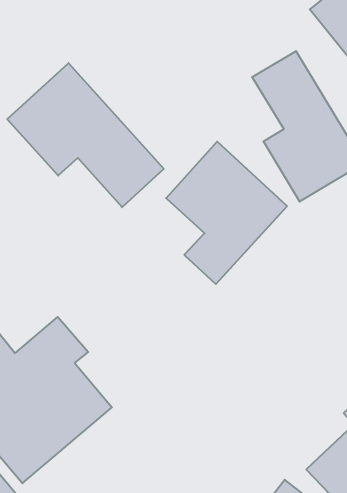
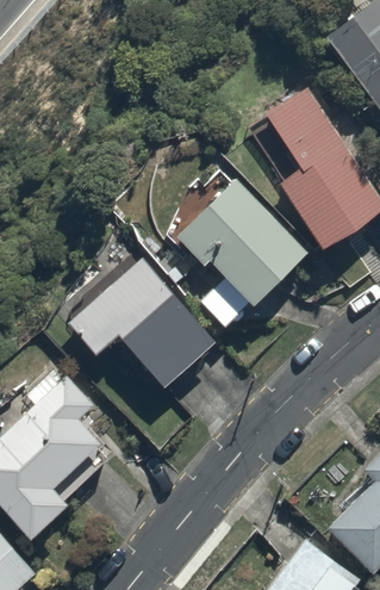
building: [7,63,164,207] -> none
building: none -> [69,255,218,386]

